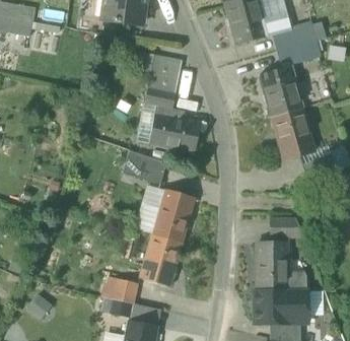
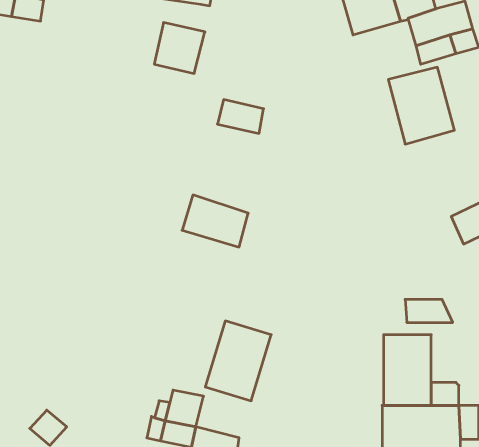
building: [150,59,184,92] -> [154,23,205,73]
building: [270,107,313,158] -> none
building: [149,114,200,152] -> none
building: [151,190,194,242] -> none

